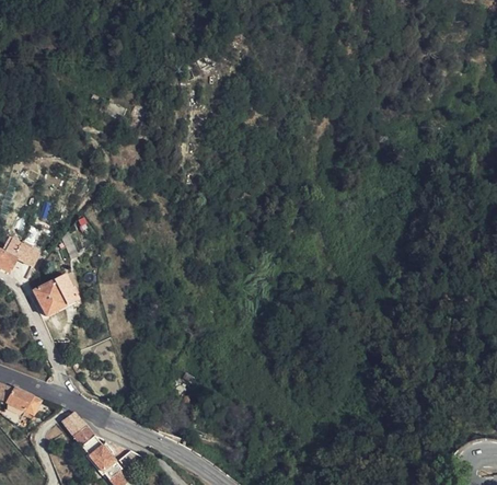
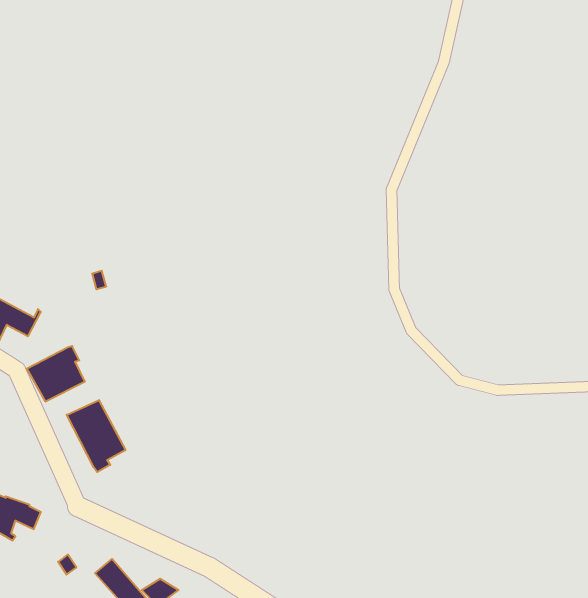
building: none -> [67,400,125,472]
building: [62,412,97,448] -> none

